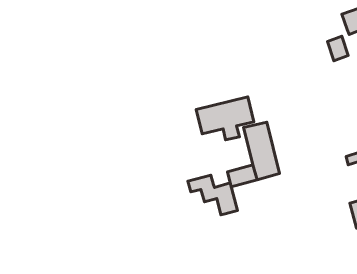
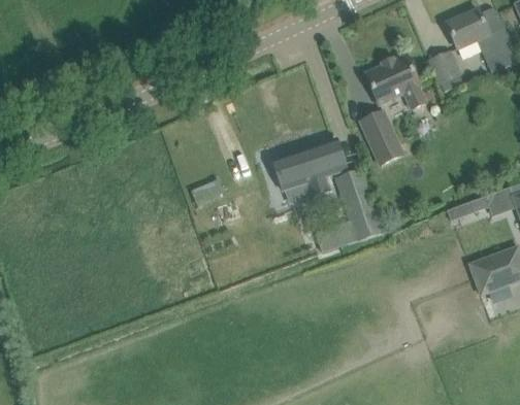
building: none -> [364,55,424,108]
building: none -> [360,110,401,165]
building: [188,175,238,215] -> none

